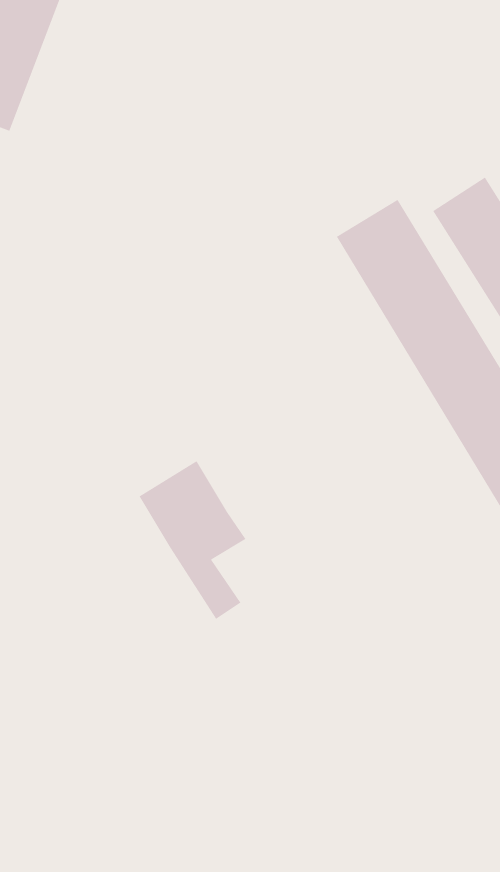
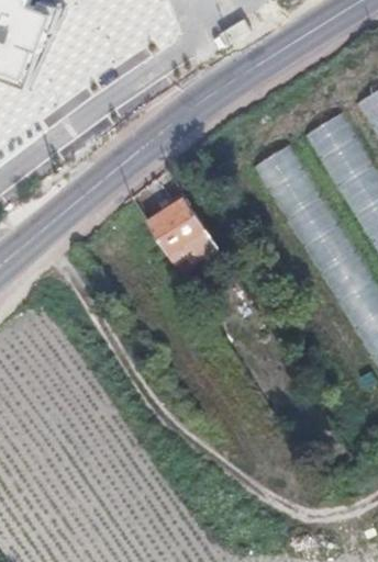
building: [139,460,247,620] -> [148,194,218,296]

